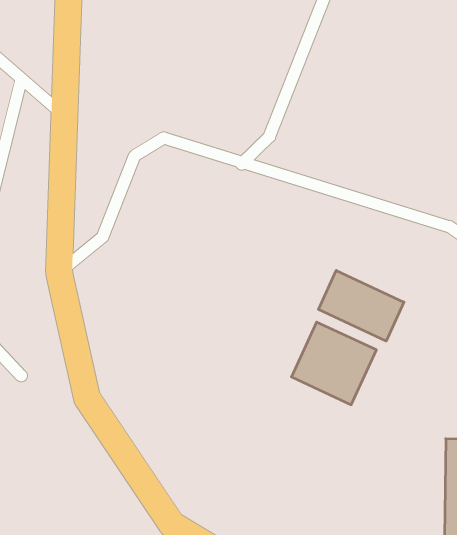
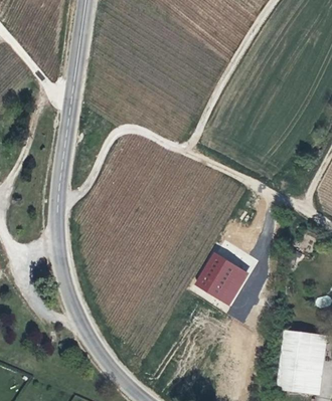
building: [318,270,404,341] -> none

